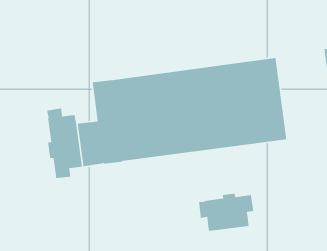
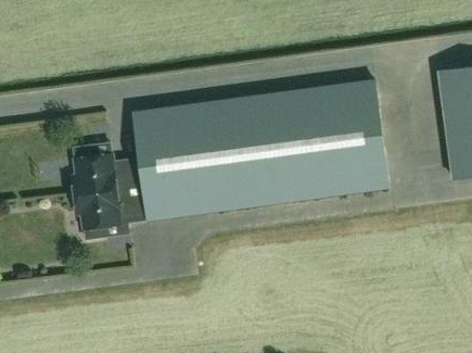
building: [198,193,254,231] -> none

